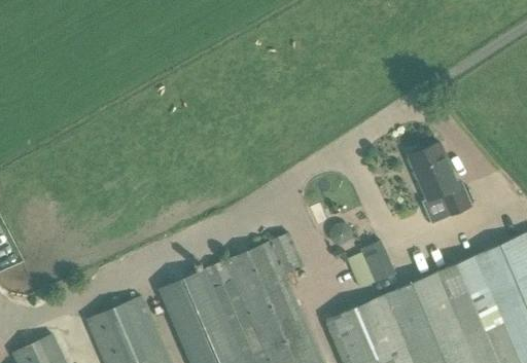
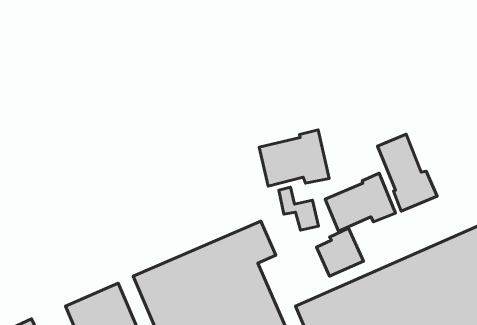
building: none -> [259,130,329,186]
building: none -> [325,173,396,231]

